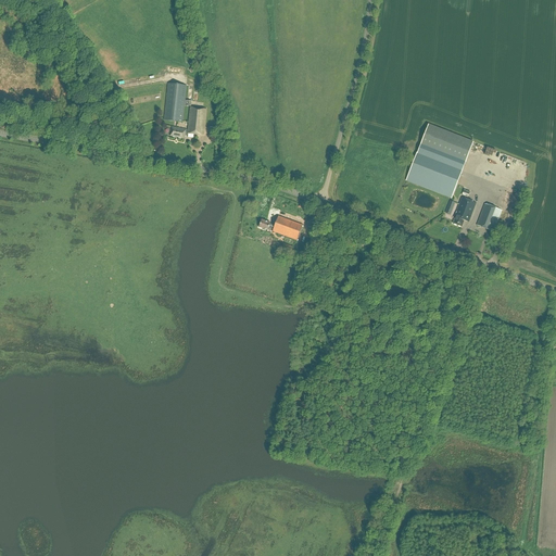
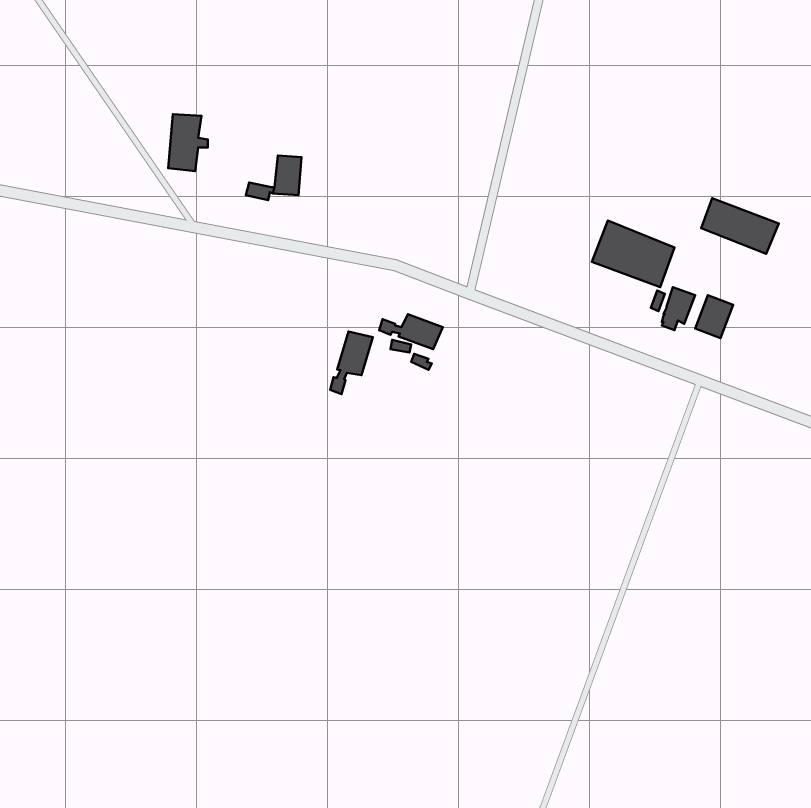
building: [164,81,191,121] -> [168,114,208,171]
building: [420,123,473,161] -> [701,198,779,254]
building: none -> [330,331,373,394]

